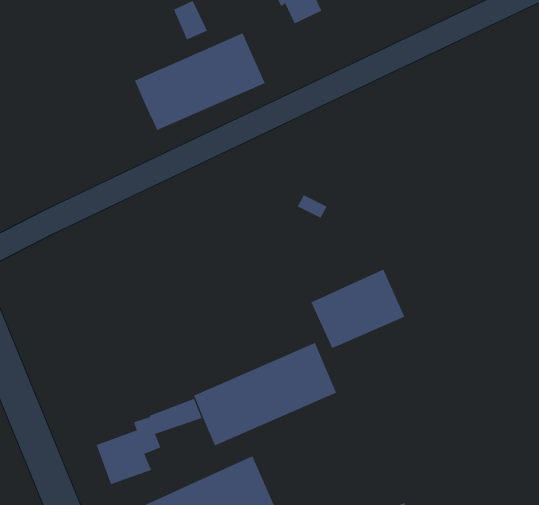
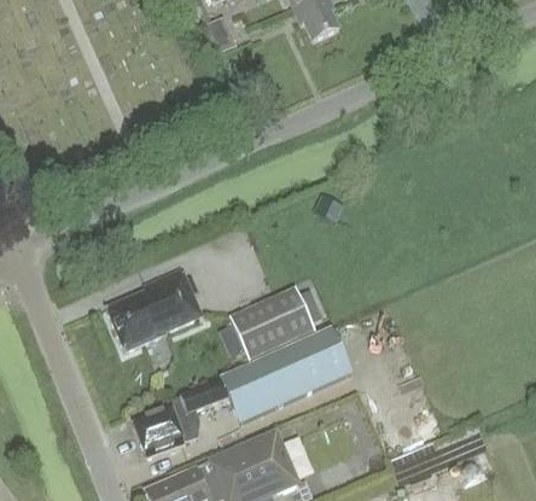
building: [134,33,266,131] -> none
building: [311,269,405,349] -> [229,286,315,359]
building: none -> [106,267,203,350]

